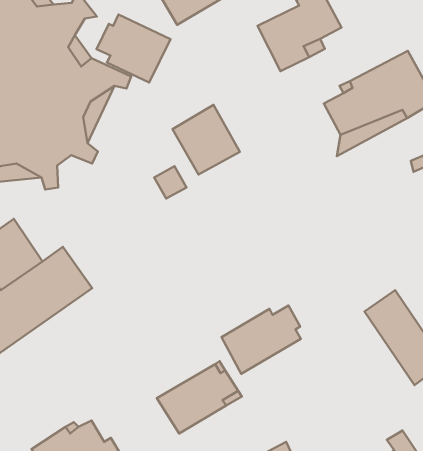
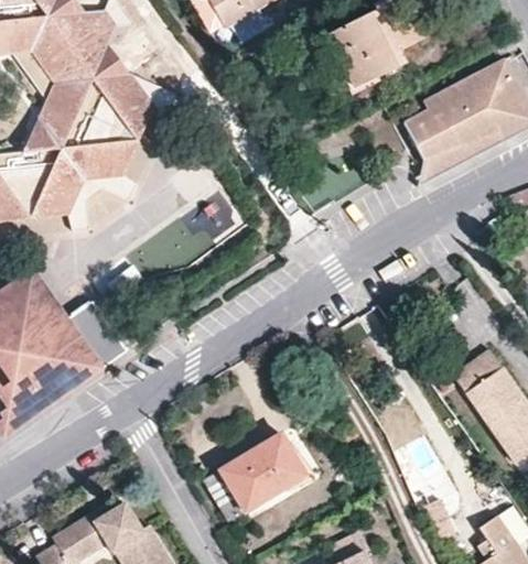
building: [96,15,171,82] -> none
building: [173,105,240,175] -> none
building: [221,305,301,374] -> none

